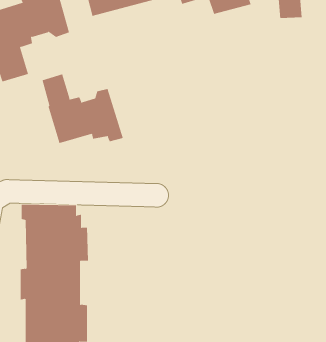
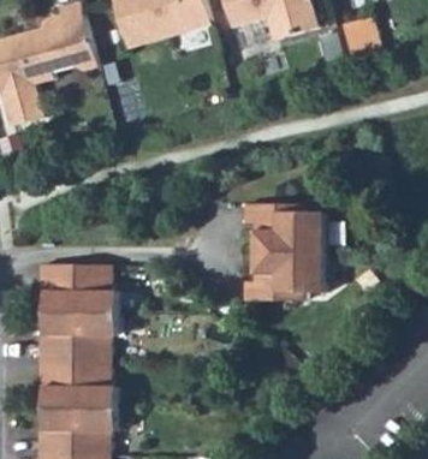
building: [42,74,124,144] -> none
building: none -> [242,210,326,309]

